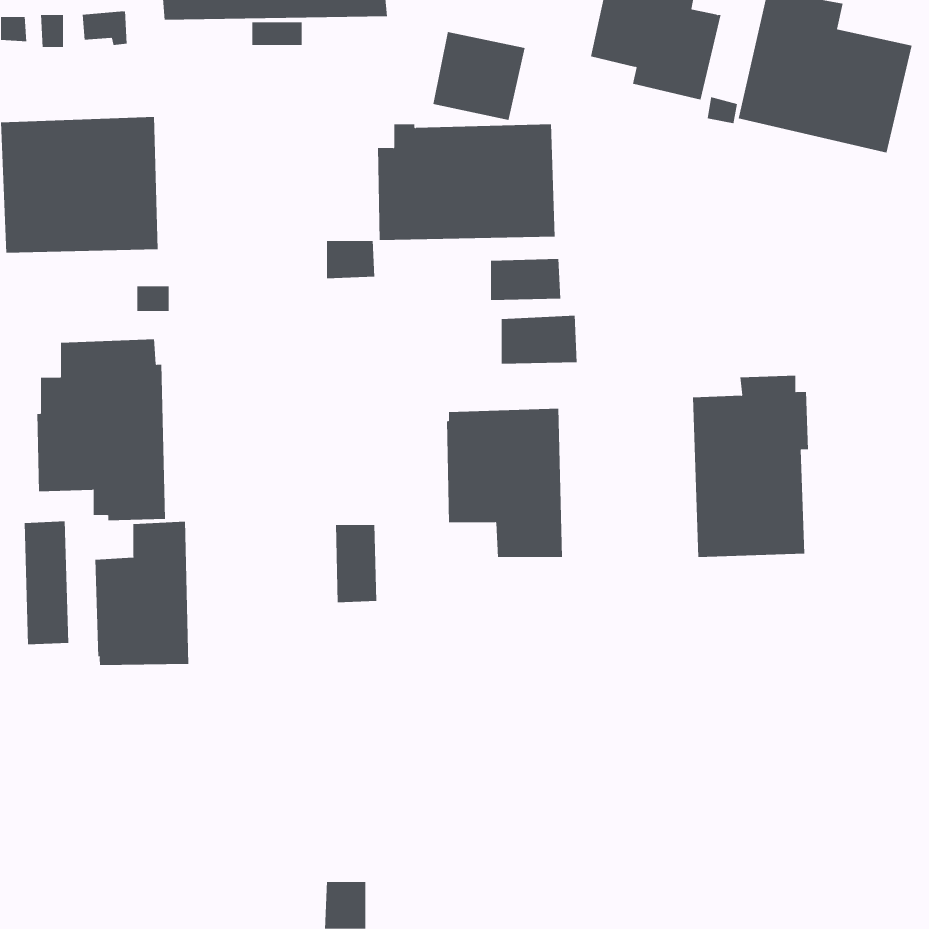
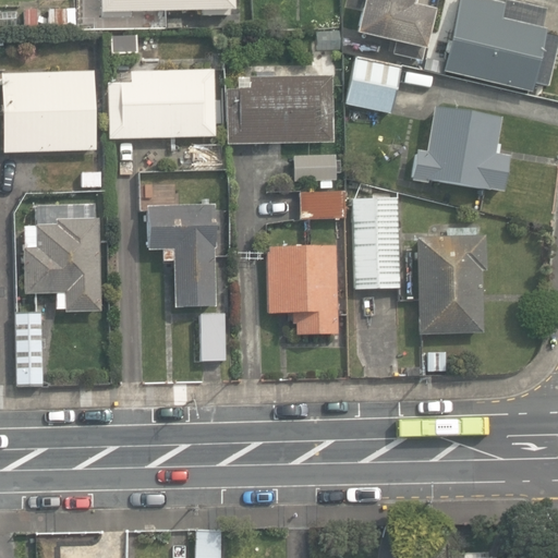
building: [433,31,526,121] -> [347,58,402,111]
building: none -> [108,70,215,137]
building: none -> [411,106,510,191]
building: none -> [352,197,400,289]
building: none -> [147,205,216,307]
building: [95,521,189,666] -> none

